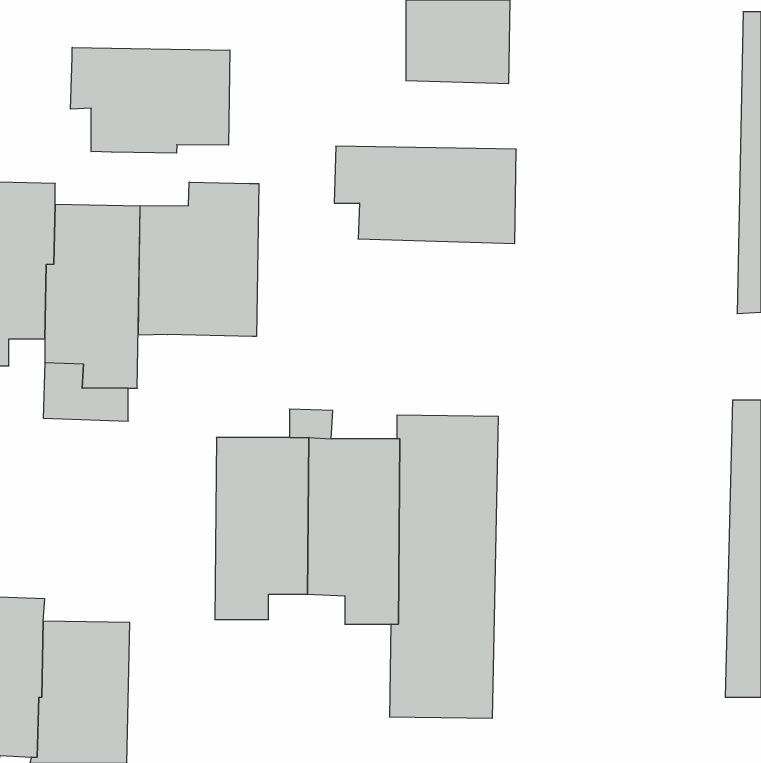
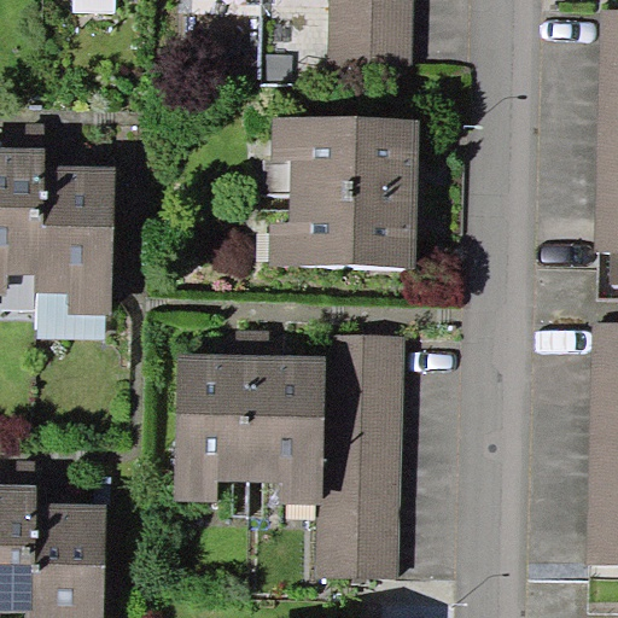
building: [71,47,230,153] -> none
building: [138,182,259,336] -> none
building: none -> [268,193,416,268]

